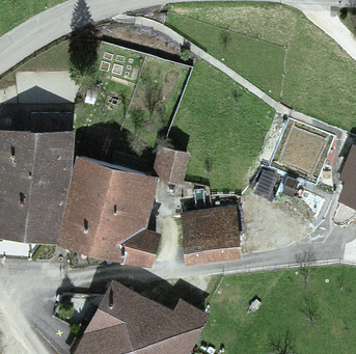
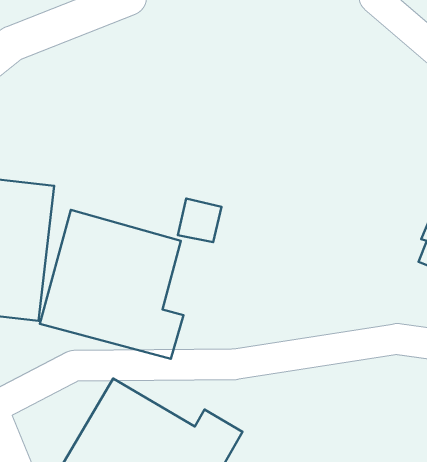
building: [184,210,241,262] -> none

